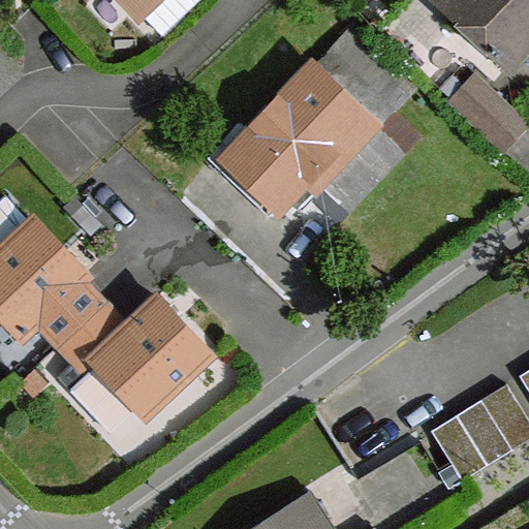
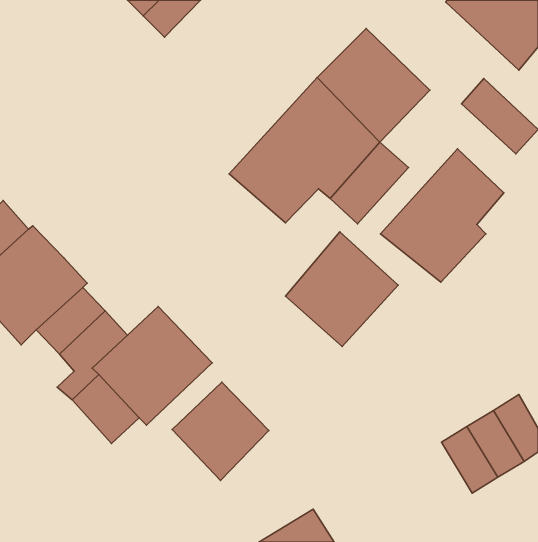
building: none -> [380,149,504,282]
building: none -> [285,232,398,347]
building: none -> [172,382,269,481]

